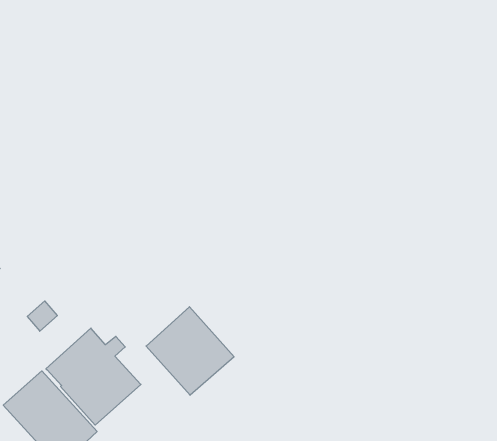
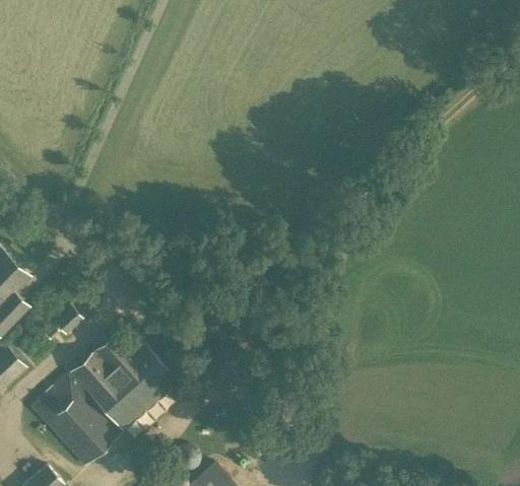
building: [146,307,234,395] -> none

